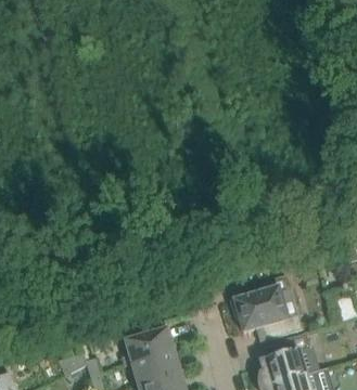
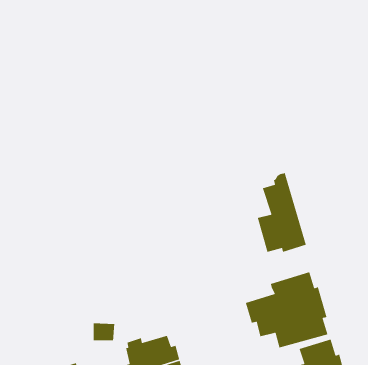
building: none -> [257,171,307,253]

